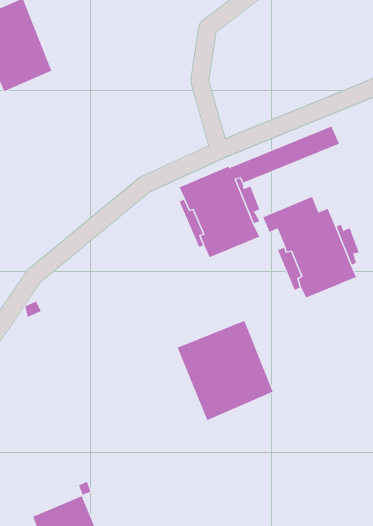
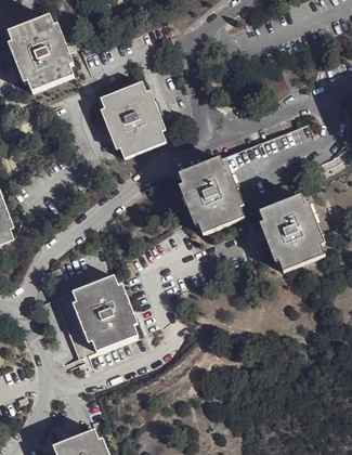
building: none -> [101,80,165,155]
building: [177,320,273,421] -> [57,272,138,355]

